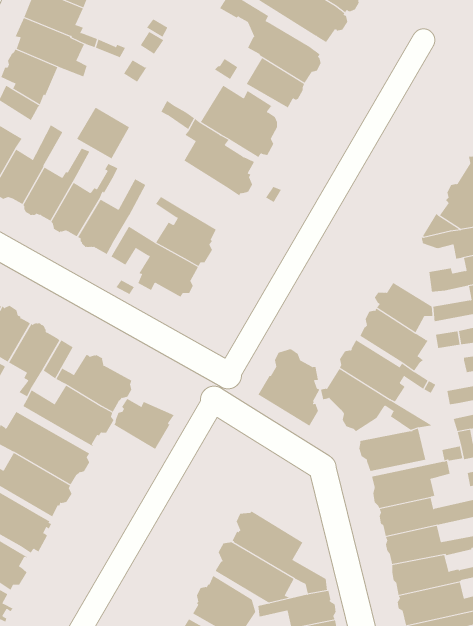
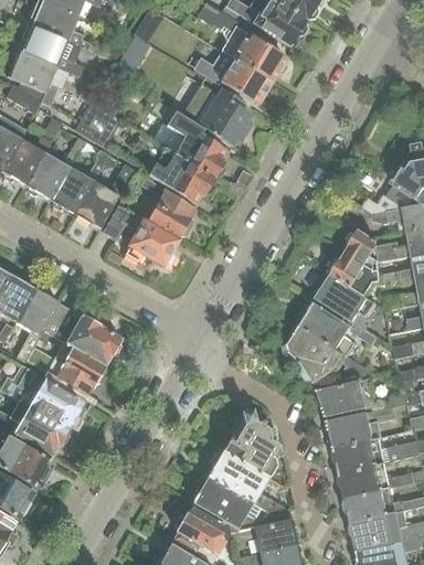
building: none -> [150,148,215,204]
building: none -> [347,231,381,274]
building: [257,349,320,427] -> [223,409,277,477]
building: [114,398,174,450] -> none

